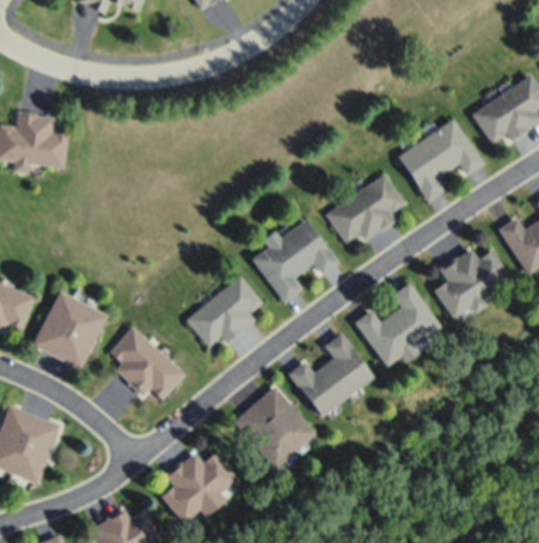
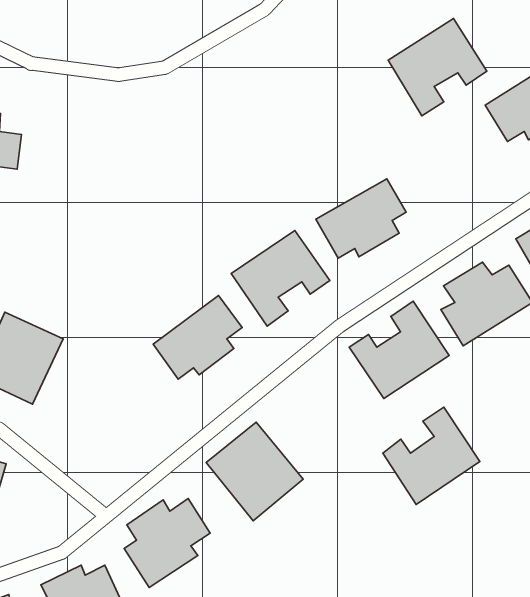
building: [397,118,482,202] -> [388,18,487,116]
building: [109,327,184,401] -> none
building: [288,332,372,416] -> [383,407,480,504]

